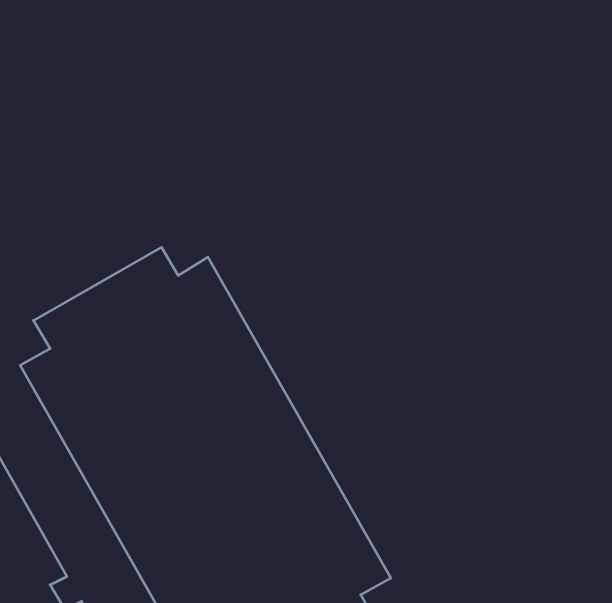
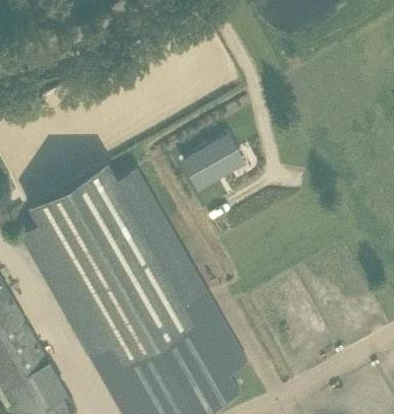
building: none -> [185,137,246,190]

